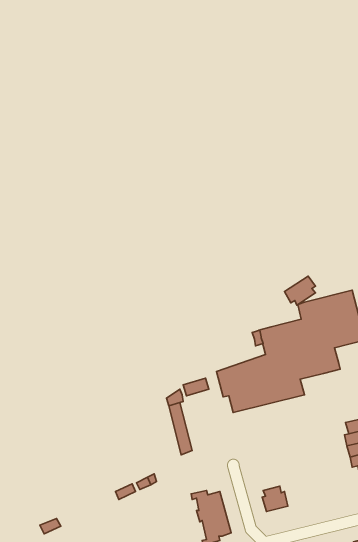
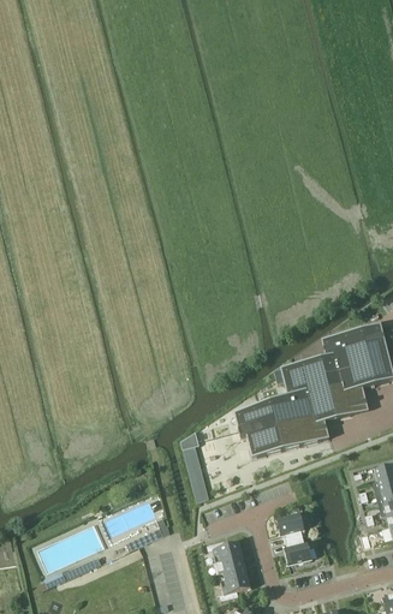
building: [285,276,316,305] -> none
building: none -> [276,512,304,540]

